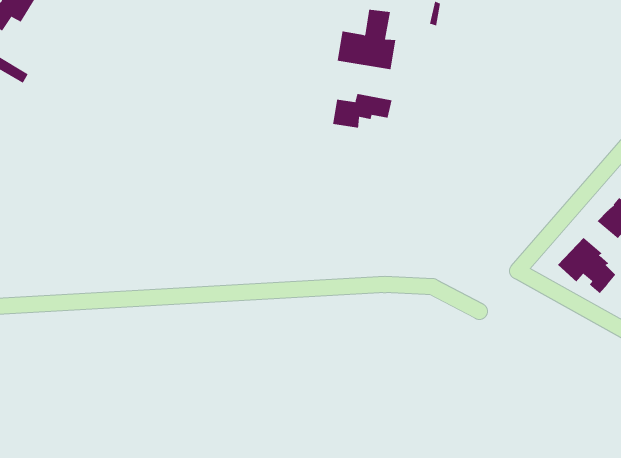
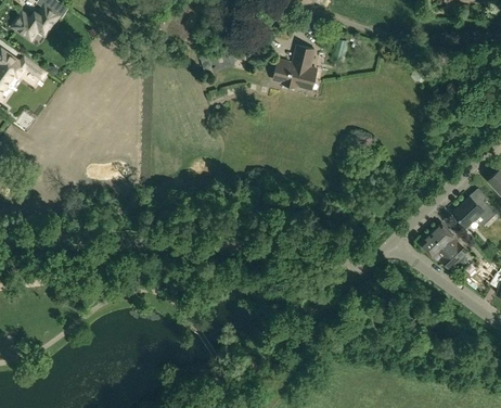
building: [332,93,392,129] -> none

